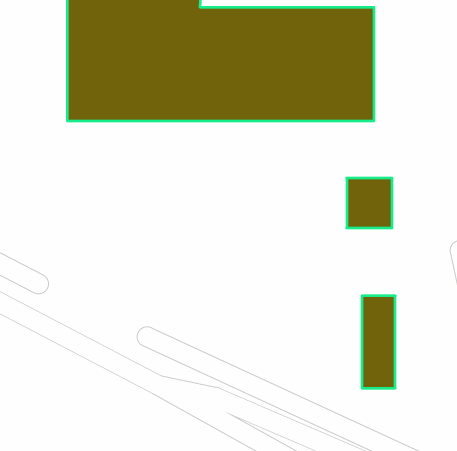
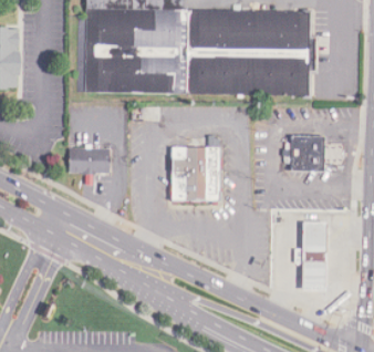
building: none -> [169,147,218,200]
building: none -> [69,148,106,172]

